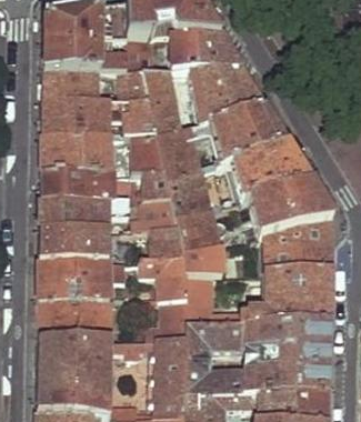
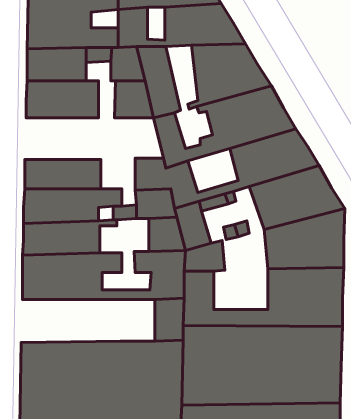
building: [41,147,110,184] -> none
building: [128,147,167,183] -> none
building: [38,311,128,350] -> none

